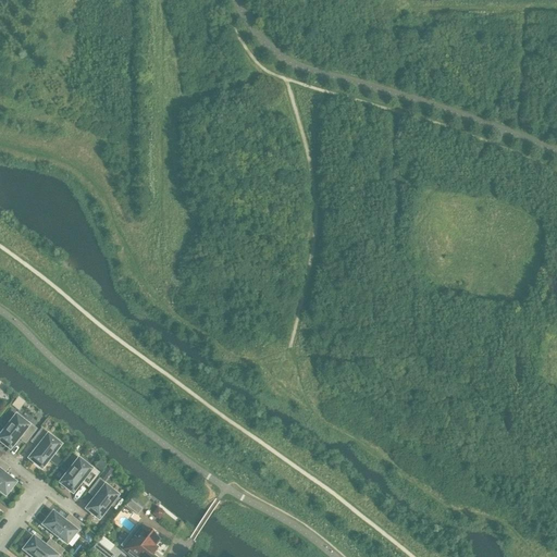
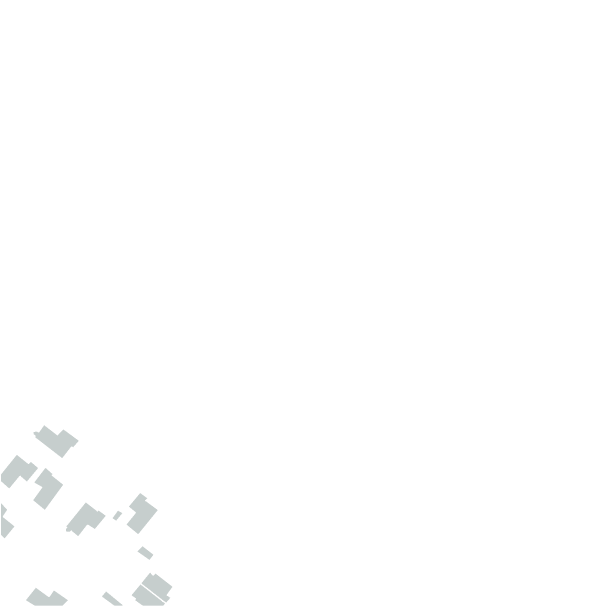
building: none -> [33,424,80,459]
building: [86,479,116,518] -> [126,492,159,535]
building: [42,512,83,543] -> none

